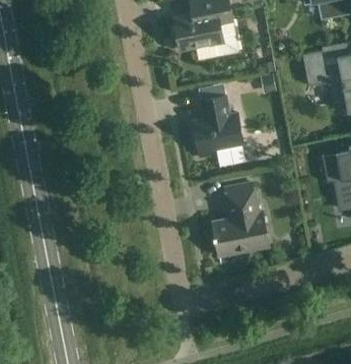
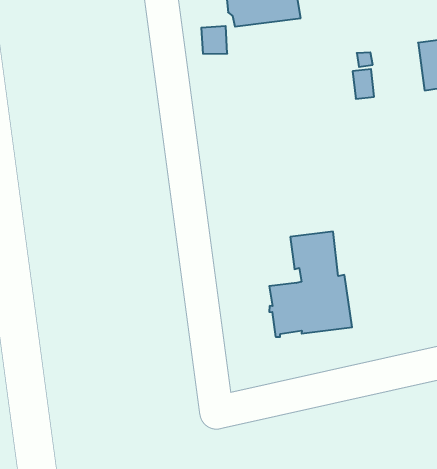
building: [192,95,242,158] -> none

